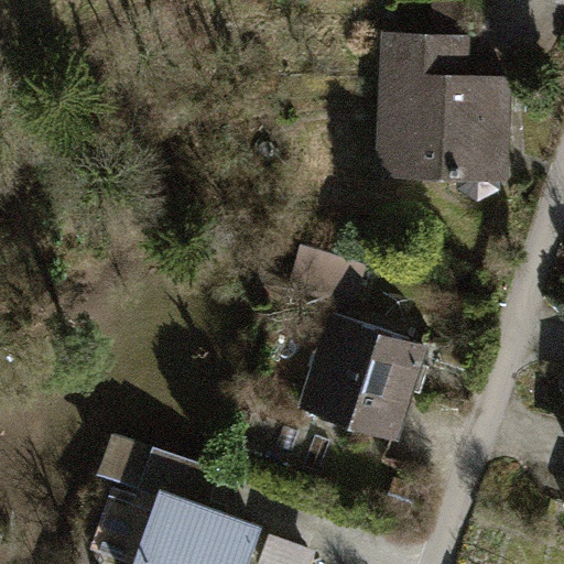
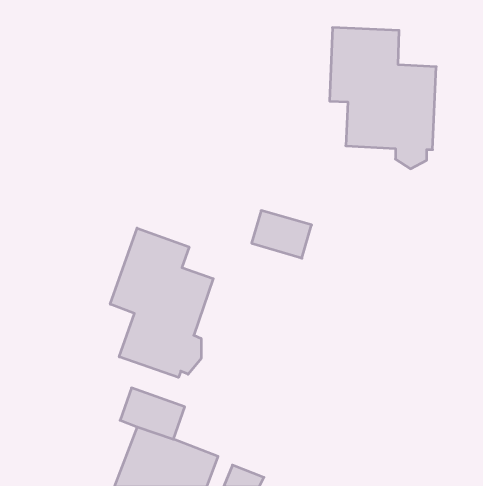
building: none -> [110,228,213,377]
building: [301,314,424,434] -> none

